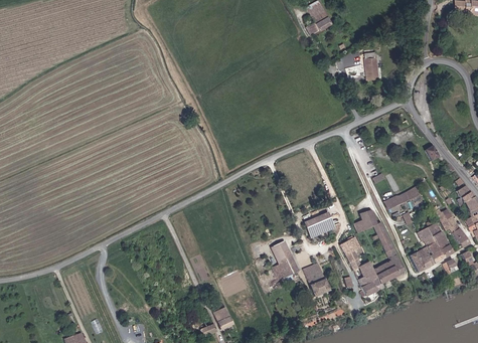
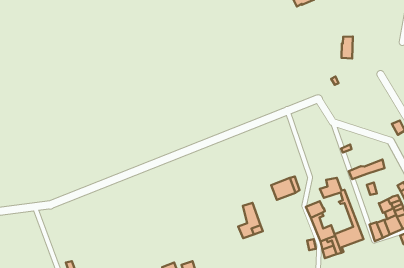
building: [303,262,329,295] -> none

